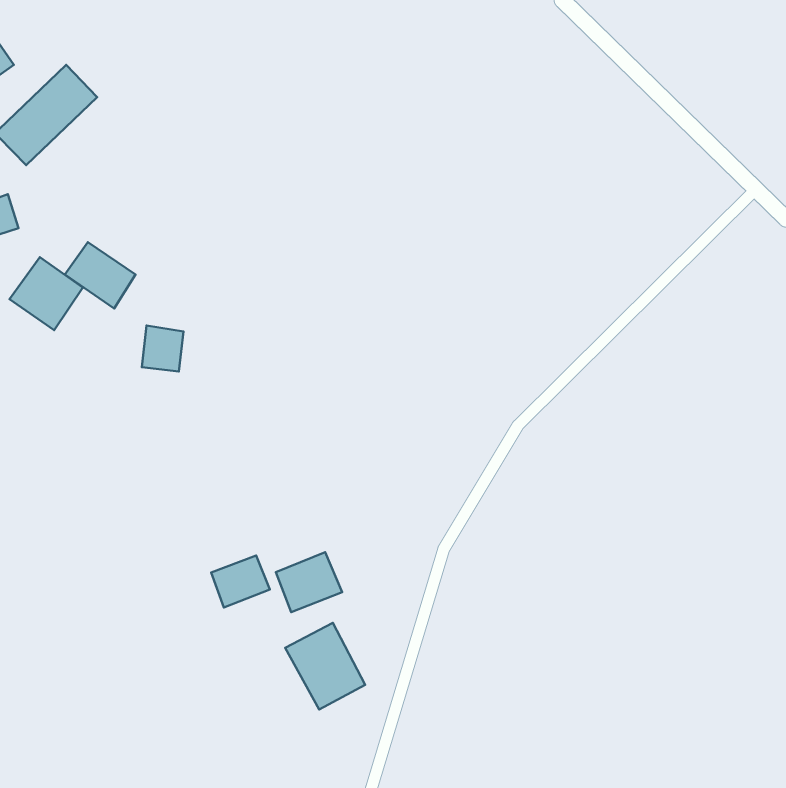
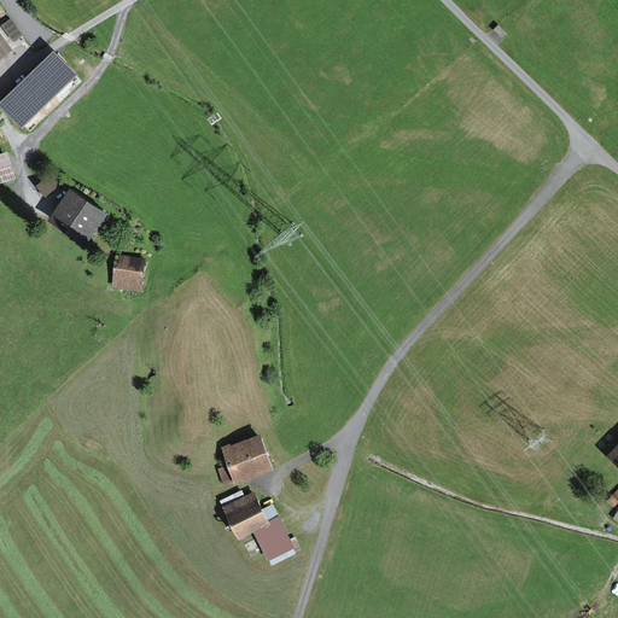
building: [9,257,83,330] -> none
building: [211,555,270,607] -> none

